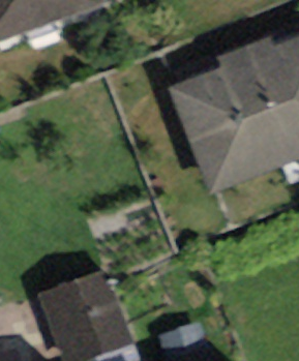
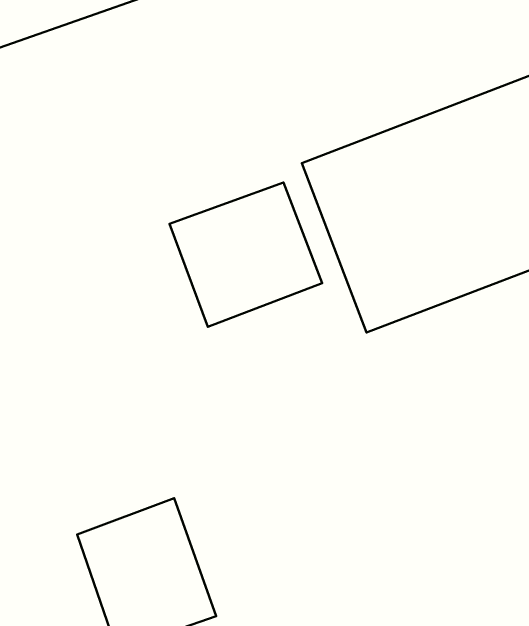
building: none -> [170,183,322,327]

